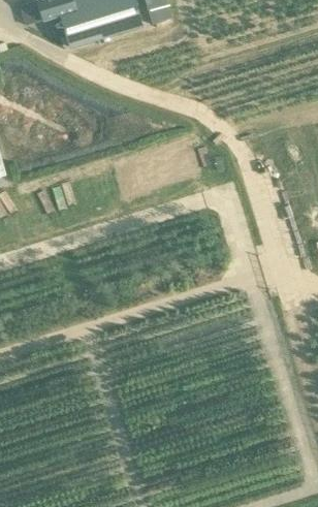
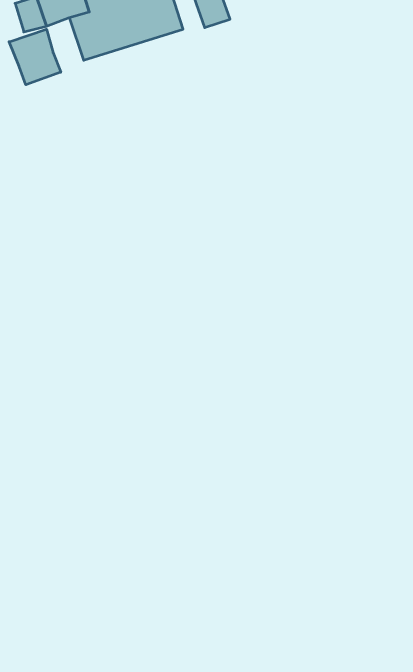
building: none -> [9,29,61,85]

